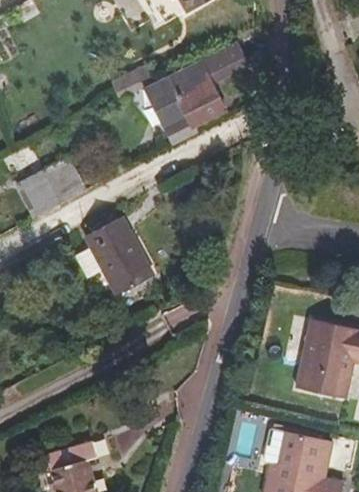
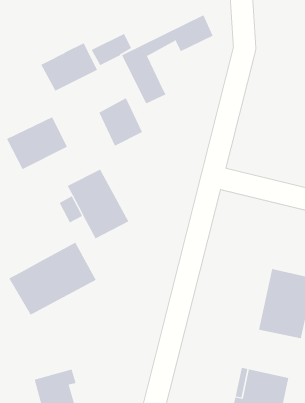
building: [174,70,224,125] -> [99,98,143,146]
building: none -> [41,43,98,91]
building: none -> [9,242,97,315]

